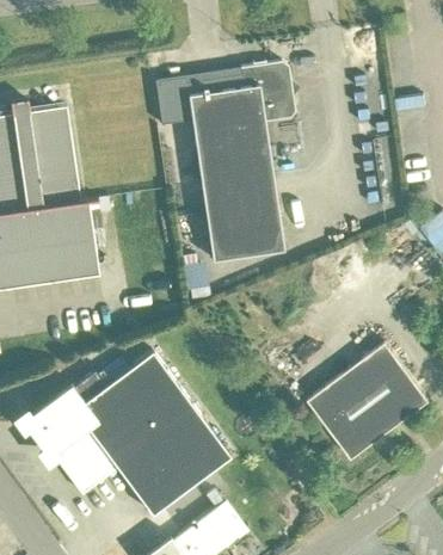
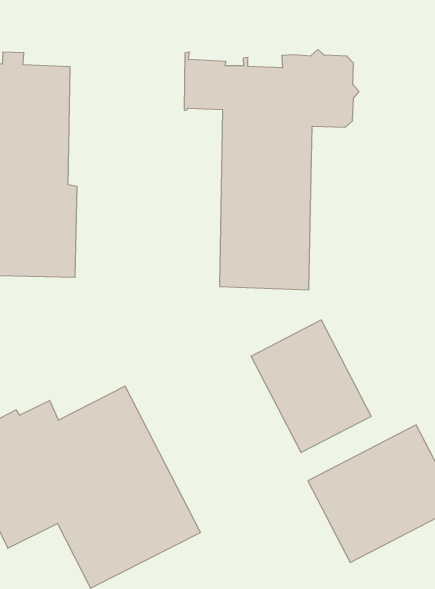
building: none -> [251,320,371,453]

